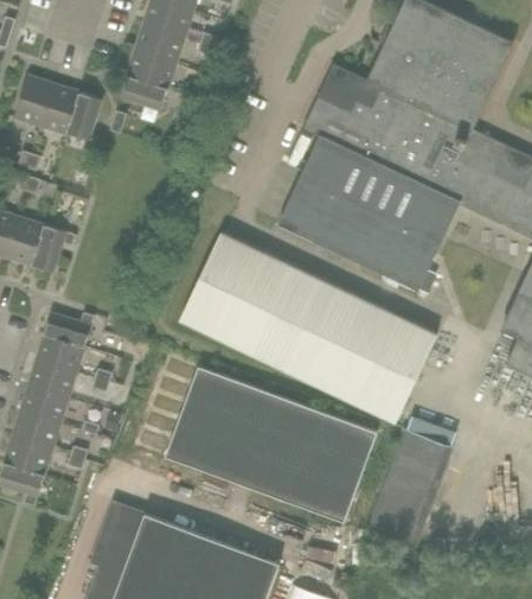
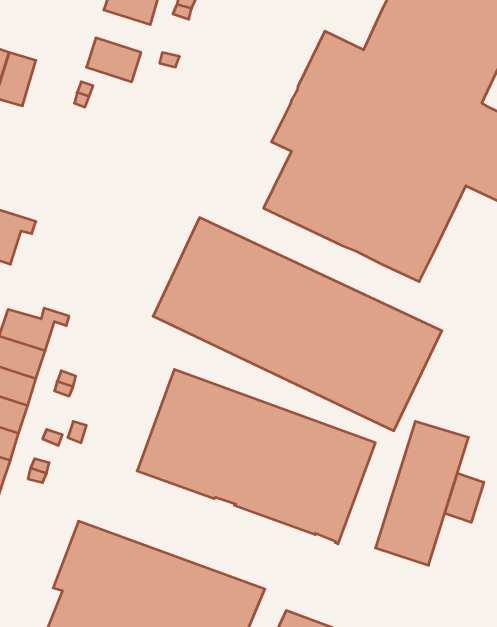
building: [129,47,178,85] -> none
building: [64,93,101,141] -> none
building: none -> [445,473,484,522]

